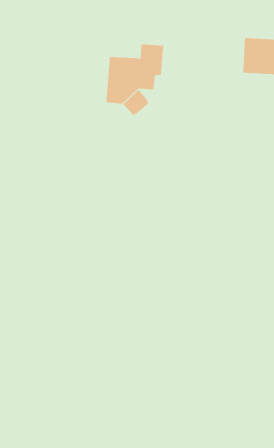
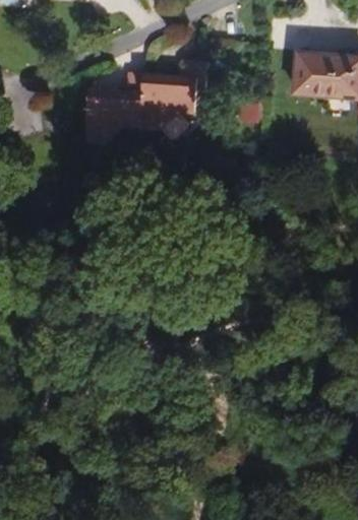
building: none -> [84,73,144,142]

